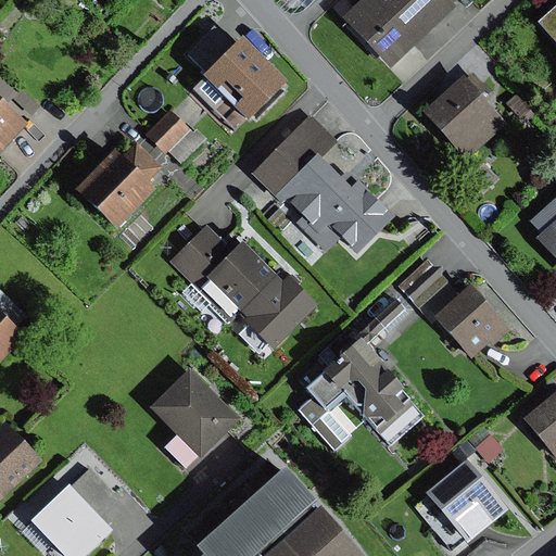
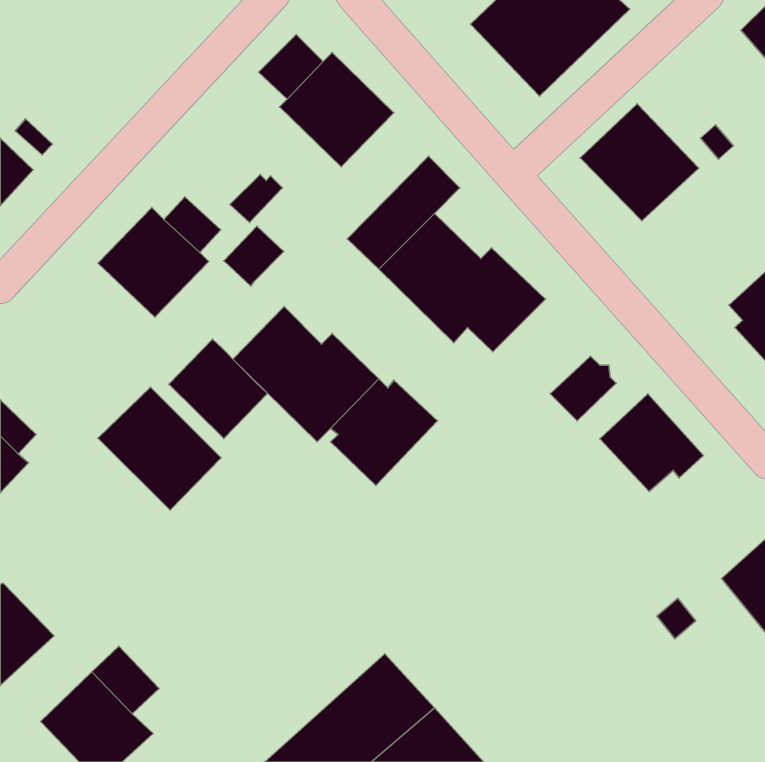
building: [147,108,190,151] -> [224,226,284,286]
building: none -> [169,339,268,439]
building: [294,301,421,451] -> none
building: [152,368,241,457] -> [98,387,221,510]
building: [425,458,508,543] -> none

